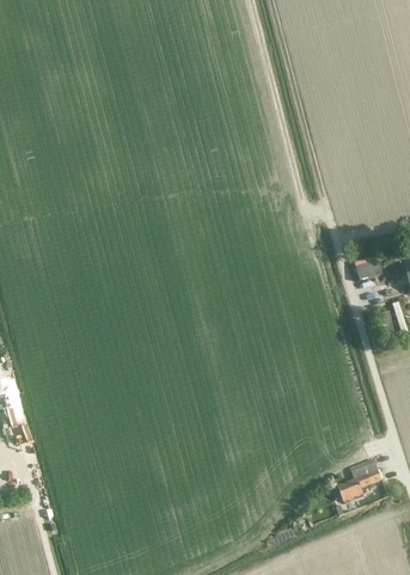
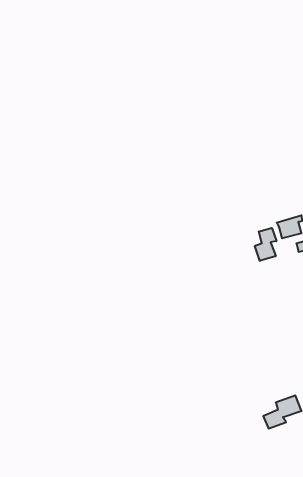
building: none -> [255,228,276,261]

